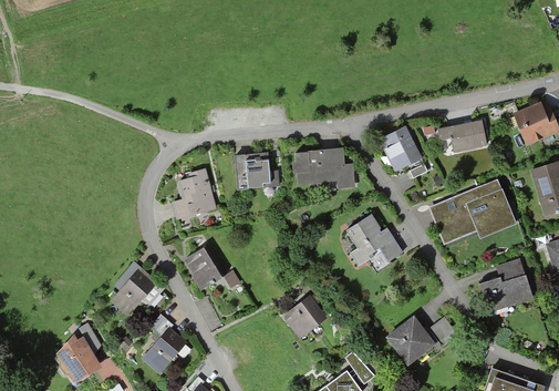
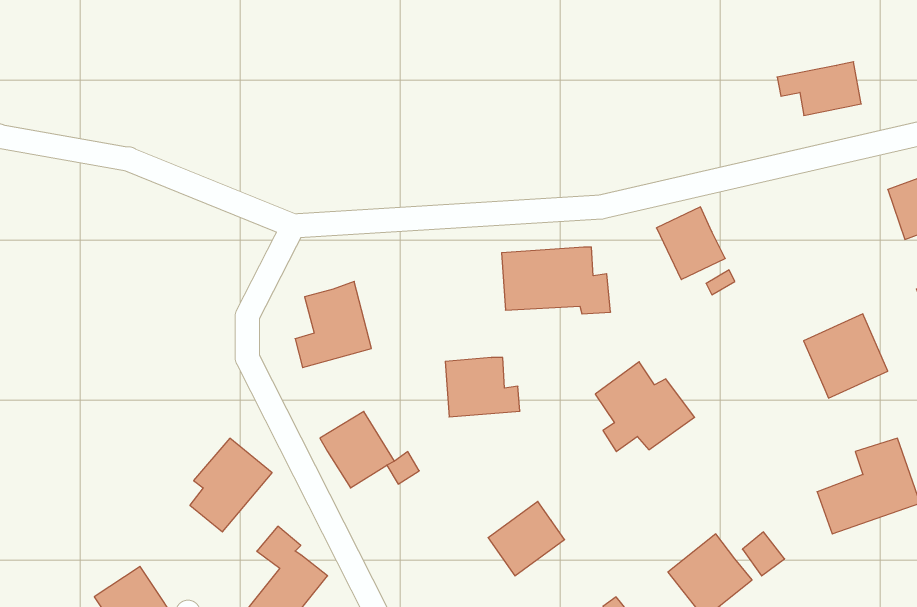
building: [437,122,486,153] -> [777,62,861,115]
building: [235,154,278,188] -> [445,358,520,417]
building: [431,179,500,243] -> none

